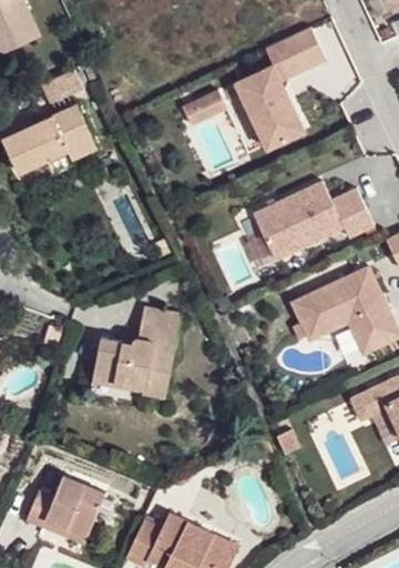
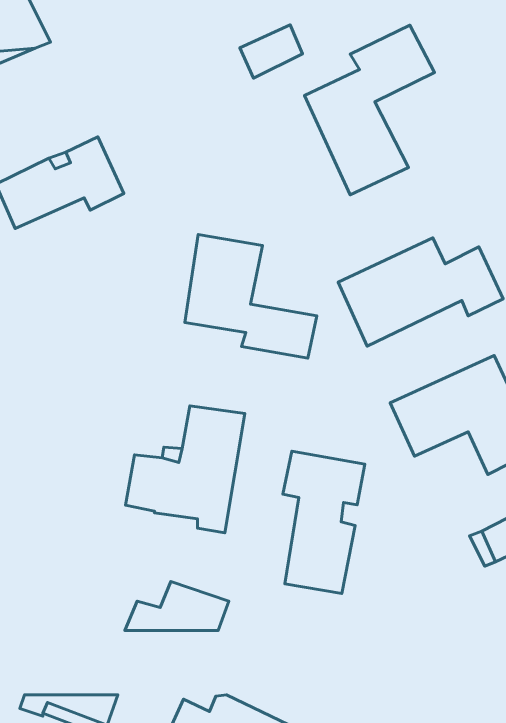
building: [178,89,224,128] -> [240,25,302,78]
building: none -> [185,235,317,358]
building: none -> [283,451,365,593]
building: [27,477,102,513] -> [125,581,229,630]

